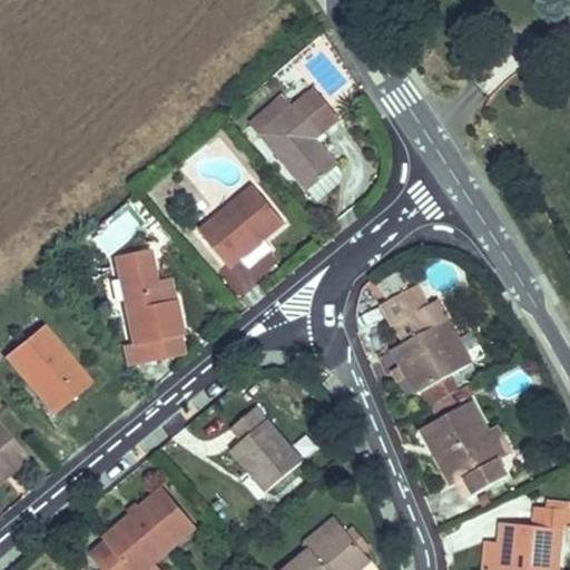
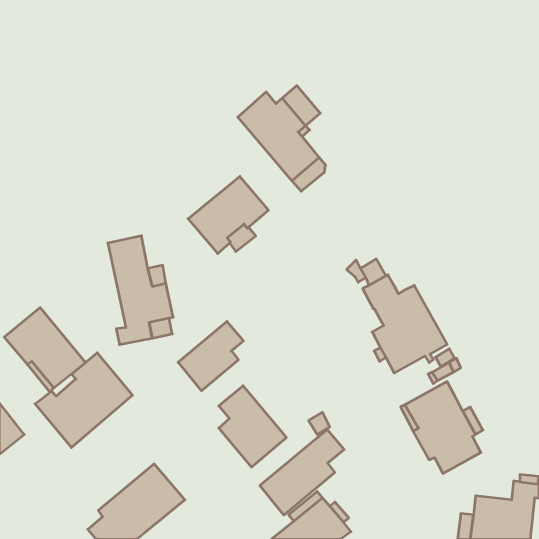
building: none -> [178,321,243,391]
building: none -> [35,353,132,448]
building: none -> [260,429,344,515]

